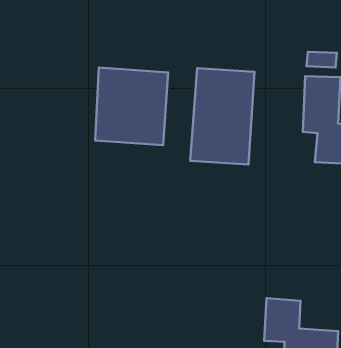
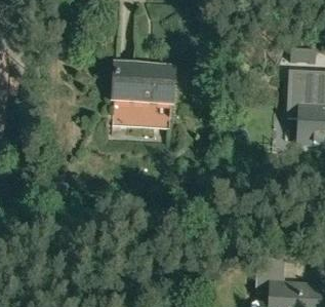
building: [190,68,255,164] -> none

